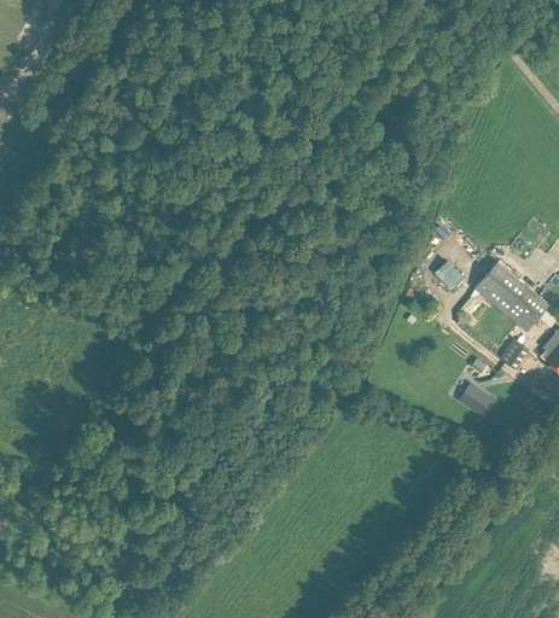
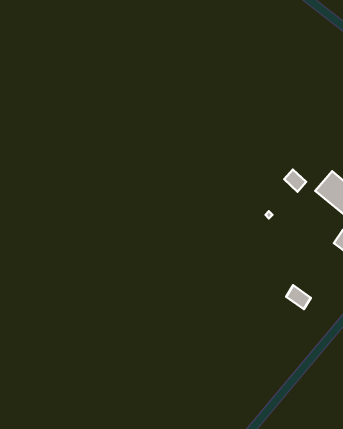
building: [460,384,494,416] -> [286,285,311,309]

